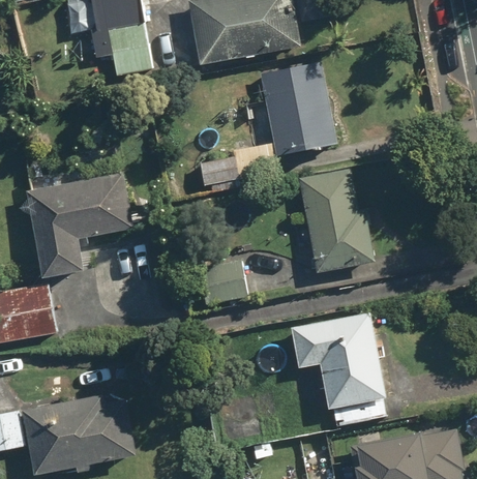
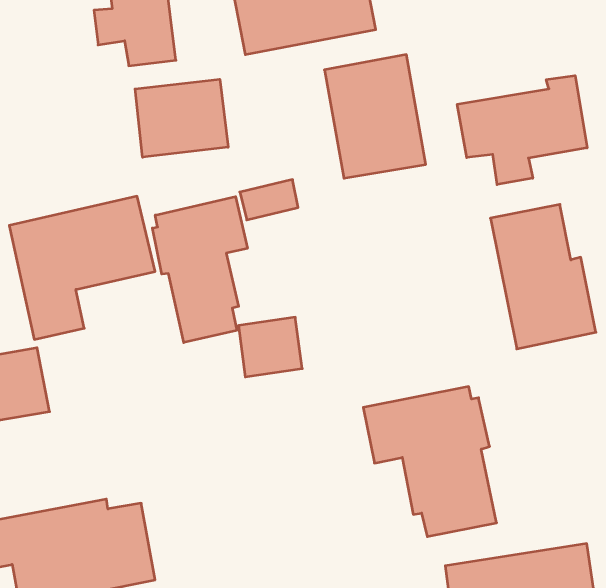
building: none -> [457,76,587,185]
building: none -> [135,79,228,157]
building: [296,169,375,276] -> [490,204,596,349]
building: none -> [152,197,247,343]

